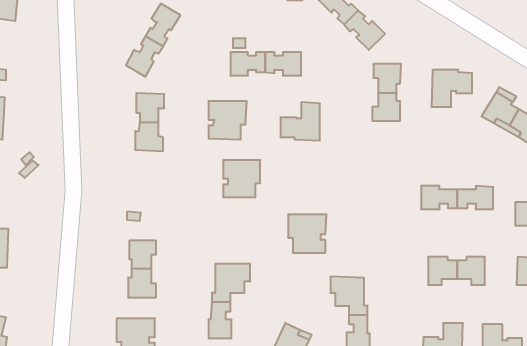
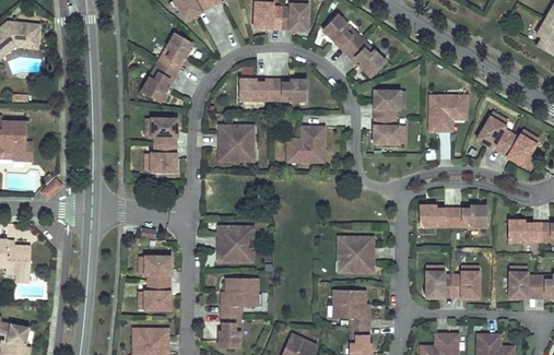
building: [223,160,260,197] -> [217,226,252,261]
building: [288,214,327,253] -> [338,236,374,272]

